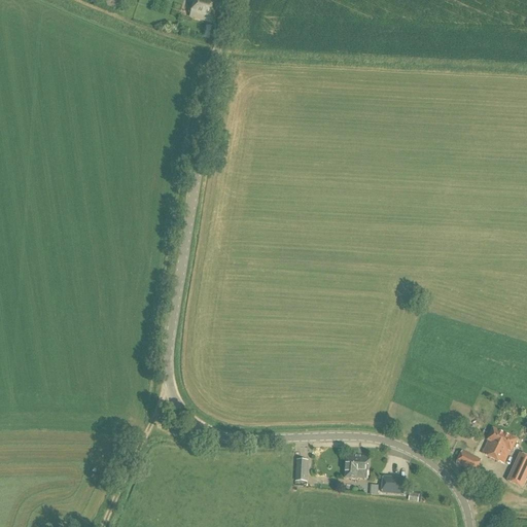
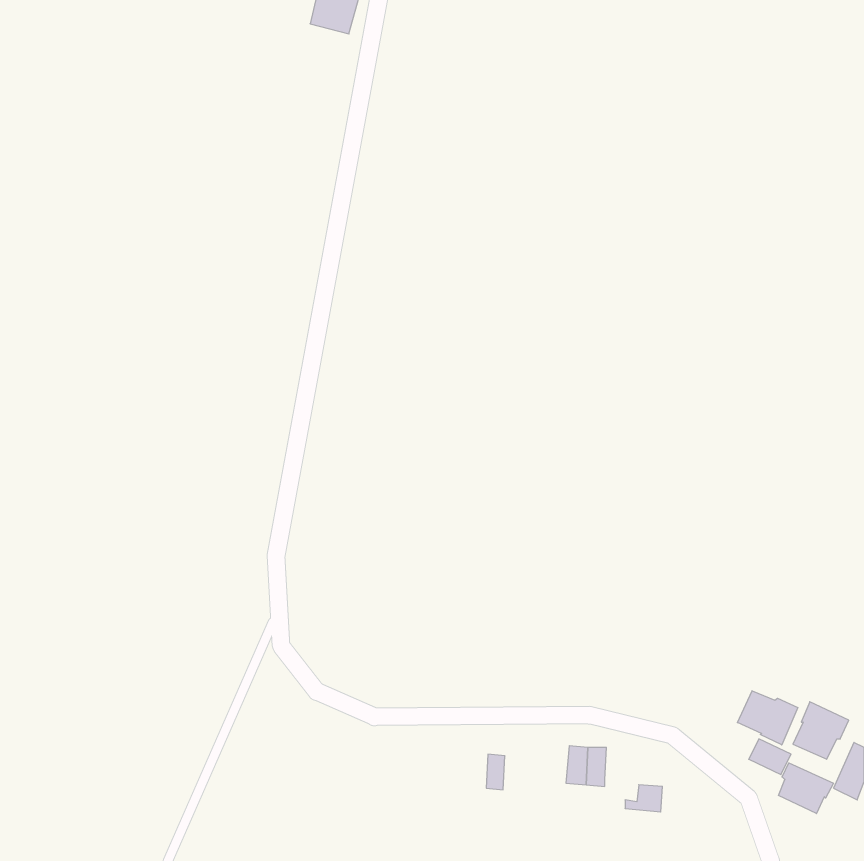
building: none -> [737,691,798,745]
building: none -> [778,763,833,814]

